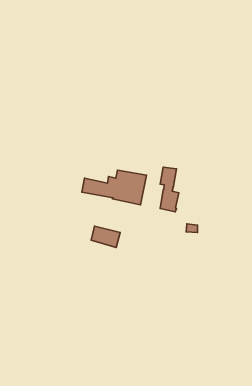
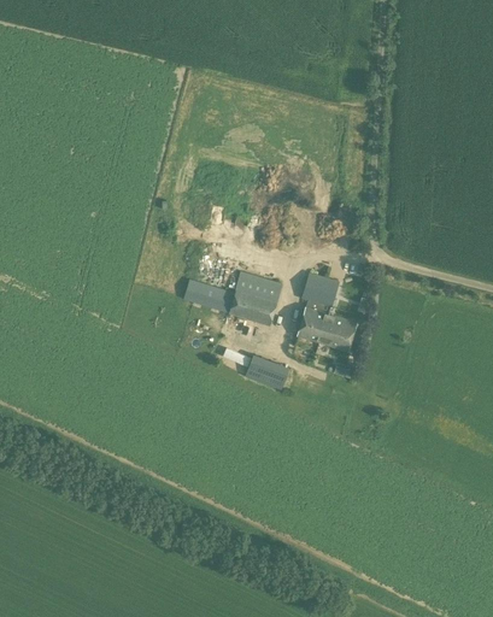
building: none -> [318,278,356,351]
building: [91,226,120,247] -> [245,354,289,389]

